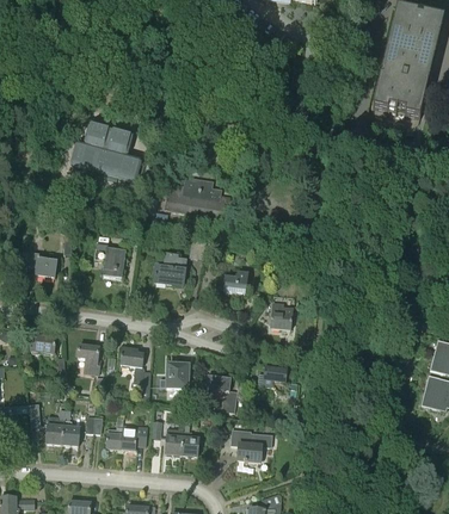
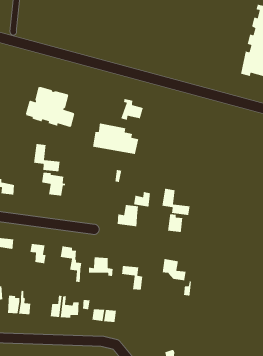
building: none -> [120,98,144,121]
building: none -> [33,143,61,172]
building: [154,253,185,285] -> [117,204,139,227]
building: none -> [161,188,191,216]
building: [234,429,276,462] -> none

